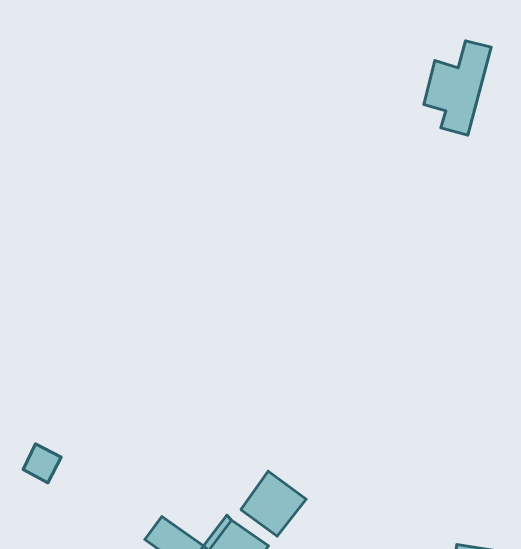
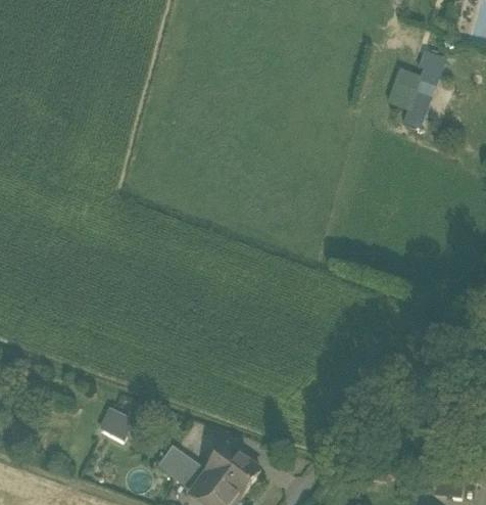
building: [23,444,61,483] -> [100,406,132,439]
building: [241,471,306,536] -> none

